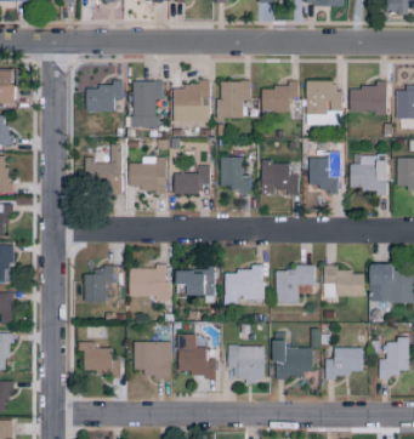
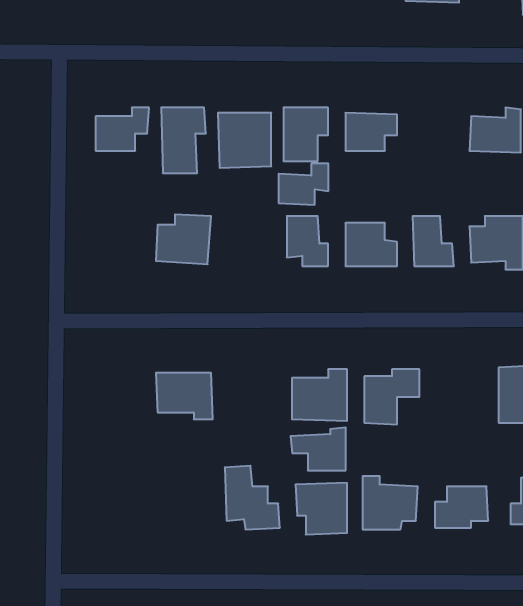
building: [306,81,342,125] -> none
building: [85,146,121,195] -> none
building: [175,166,210,195] -> [279,164,328,205]
building: [176,266,215,296] -> [291,427,346,470]
building: [323,266,364,297] -> none
building: [84,267,115,302] -> none
building: [83,342,121,375] -> none
building: [134,342,172,378] -> none

